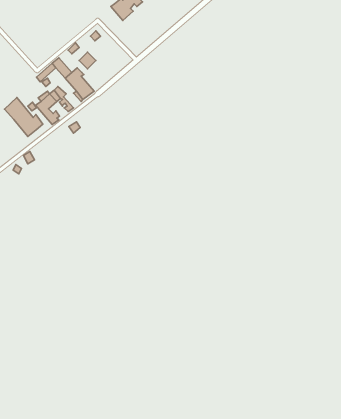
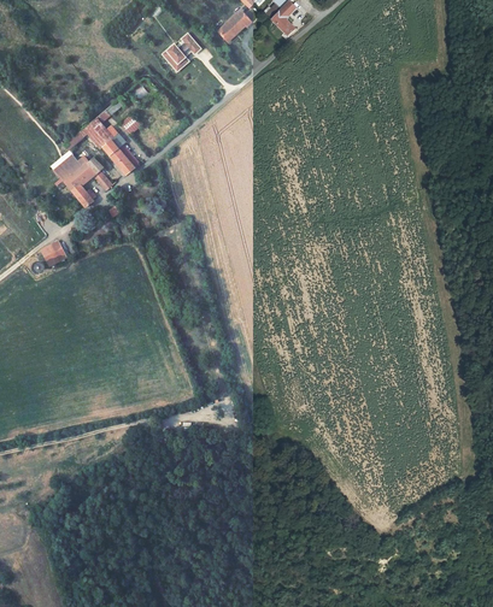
building: [5,97,43,136] -> none

